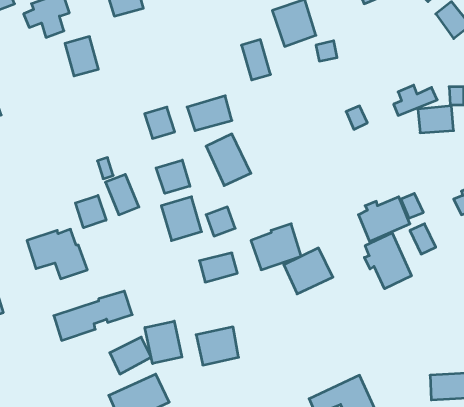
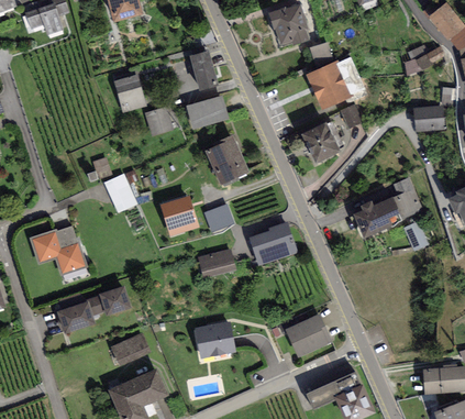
building: [65,37,98,76] -> [112,75,145,113]
building: [241,40,271,80] -> [188,51,217,90]
building: none -> [306,62,351,110]
building: [394,85,437,115] -> [403,44,446,74]
building: none -> [300,120,342,162]
building: [156,160,190,193] -> none
building: [75,195,106,228] -> none
building: [364,233,411,289] -> none
building: [284,248,333,294] -> [284,313,332,359]
building: [145,321,182,364] -> none

